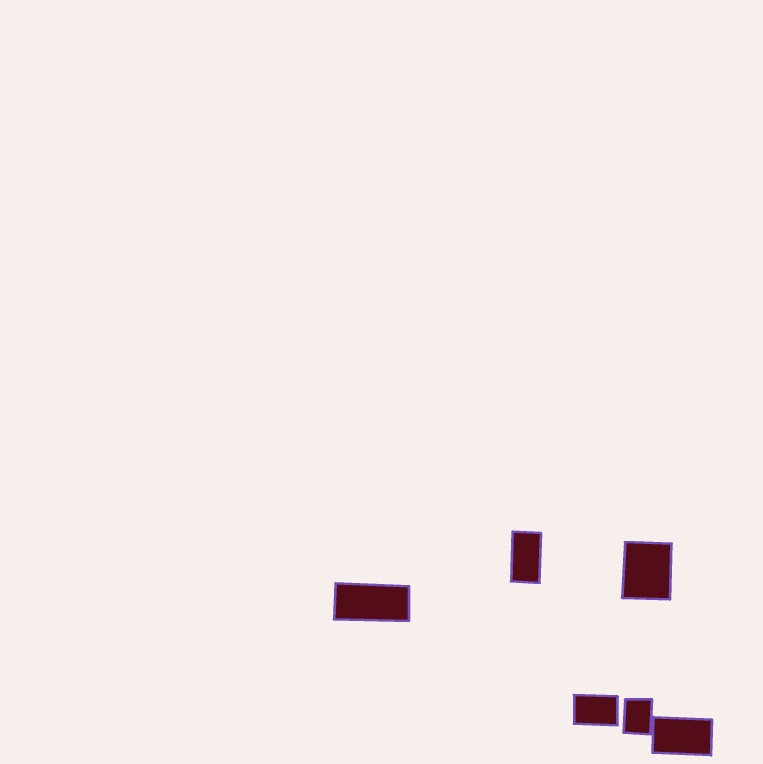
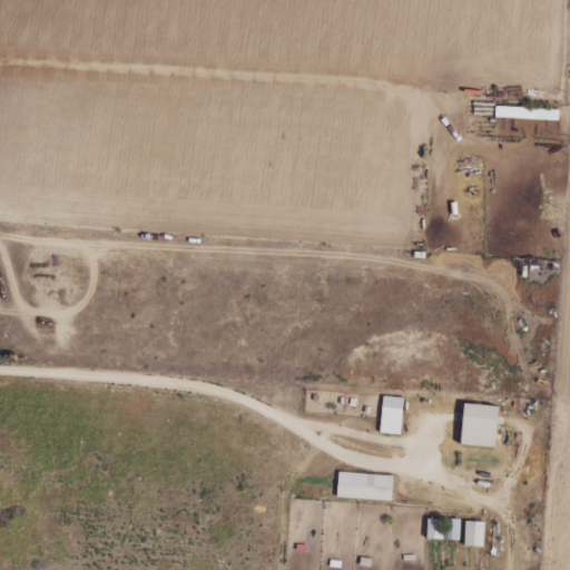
building: [334,583,409,621] -> [336,471,392,499]
building: [653,717,712,755] -> none

